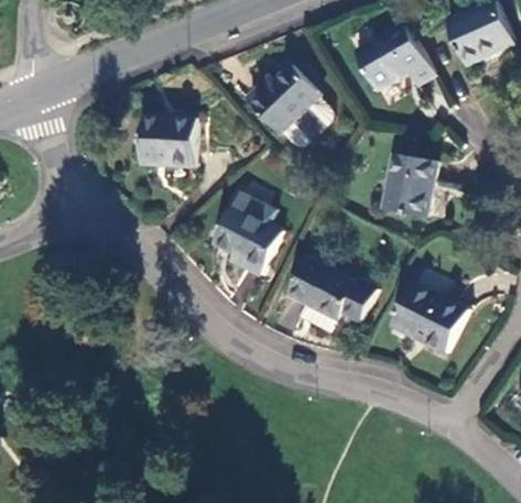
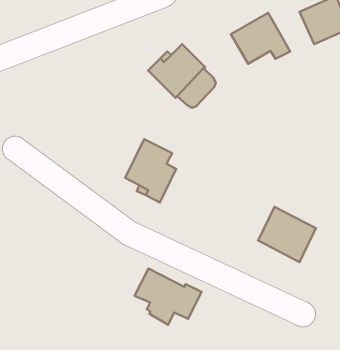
building: [140,114,196,165] -> none
building: [382,153,436,215] -> none
building: [287,256,377,331] -> [134,269,201,325]

